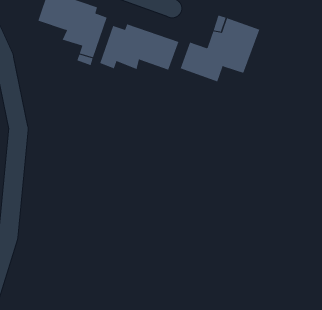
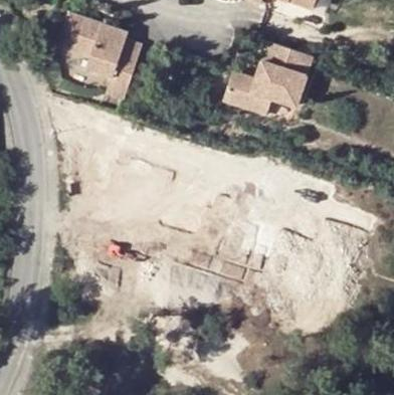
building: [99,24,179,71] -> none

